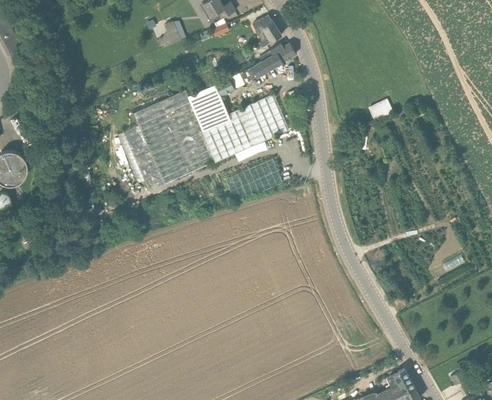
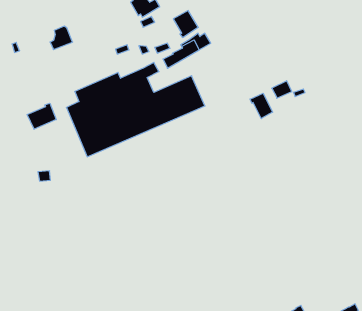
building: [158,20,185,48] -> [50,26,73,50]
building: none -> [250,93,273,119]
building: none -> [27,103,56,129]

